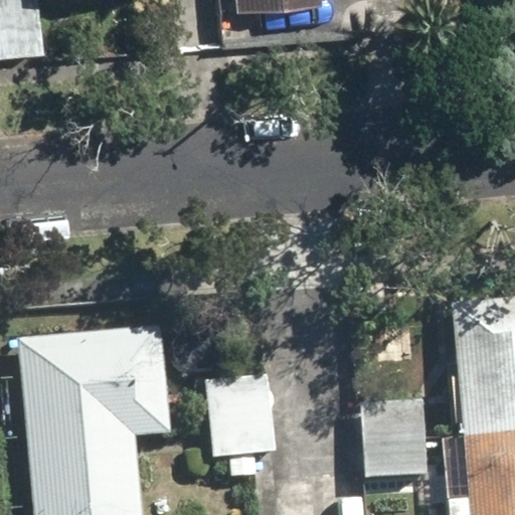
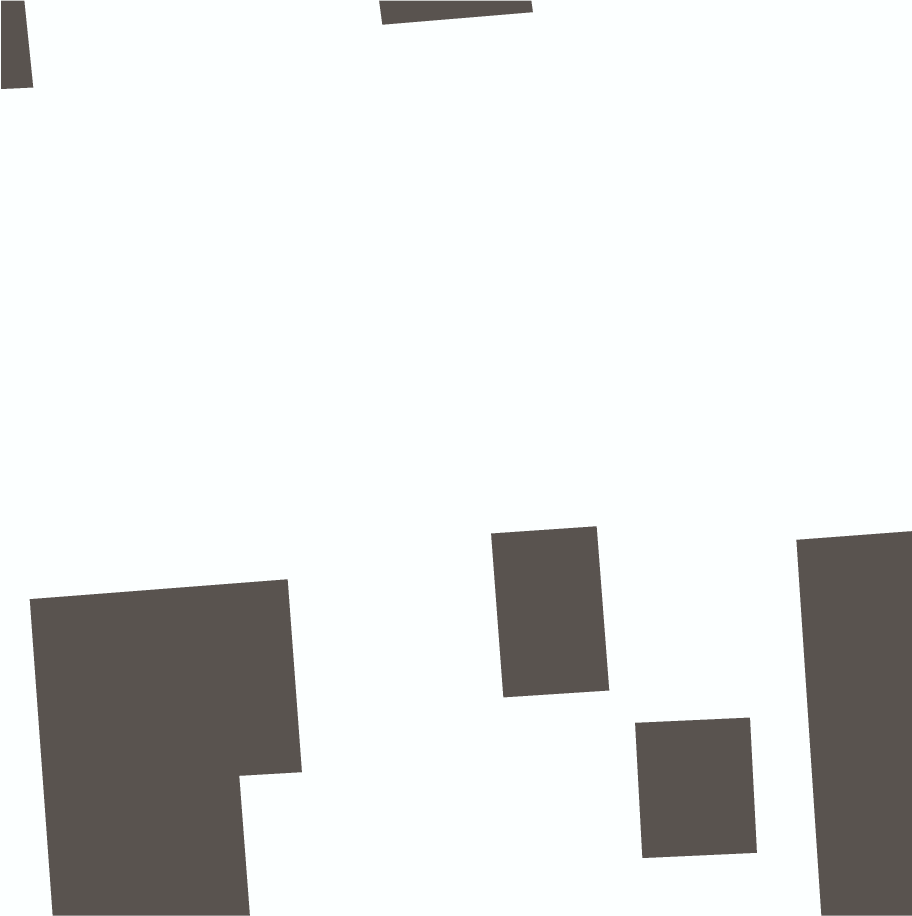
building: [207,363,275,460] -> [490,526,610,698]

